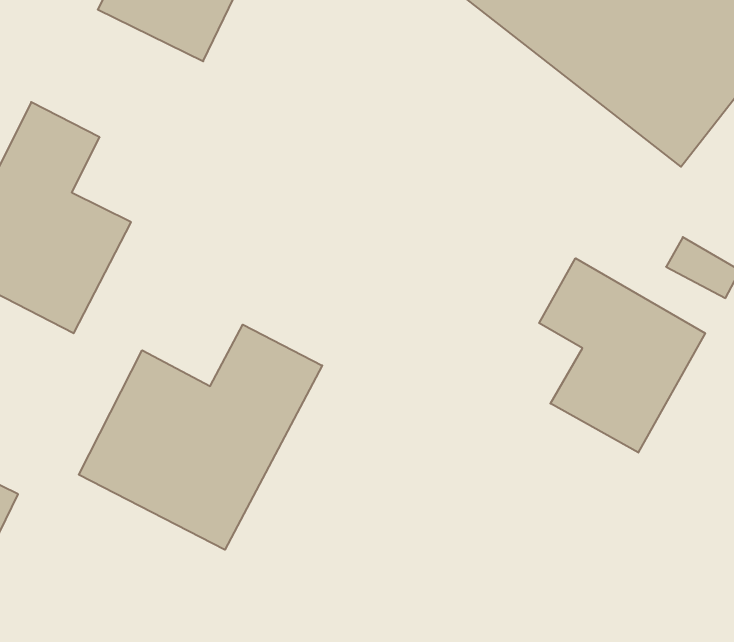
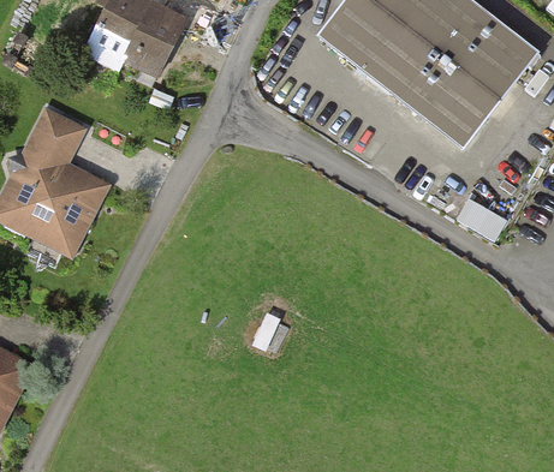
building: [539,258,705,453] -> none
building: [79,325,322,550] -> none

